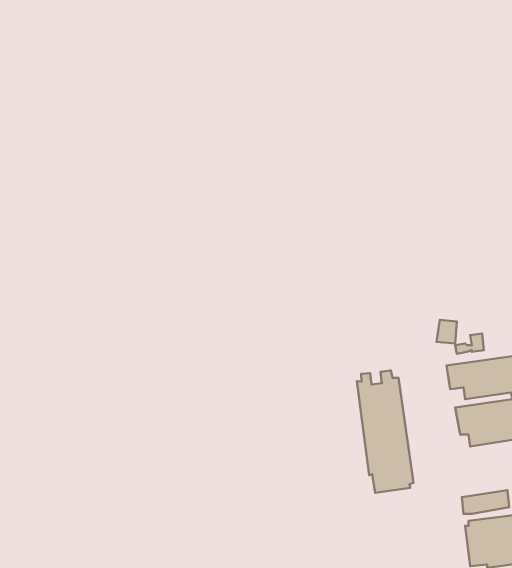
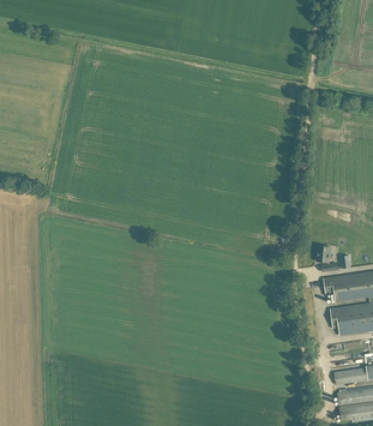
building: [357,371,414,493] -> none

